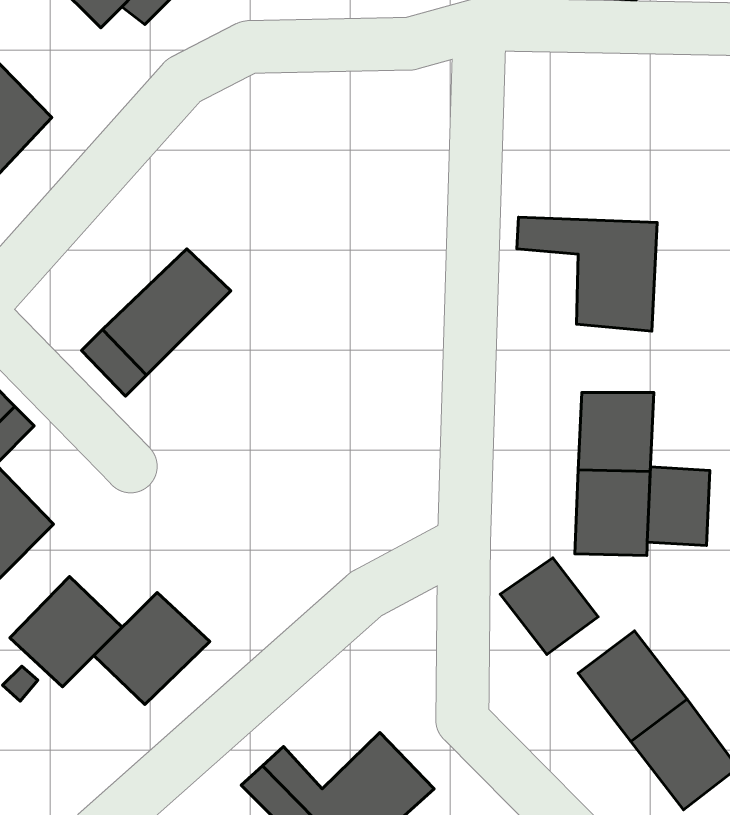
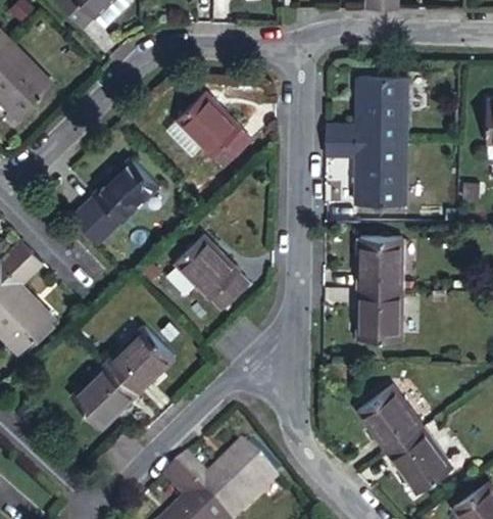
building: none -> [325,82,408,144]
building: none -> [167,97,253,173]
building: none -> [170,236,250,315]
building: [647,467,710,546] -> none
building: [500,558,598,654] -> none
building: [10,576,122,687] -> [114,324,180,388]

